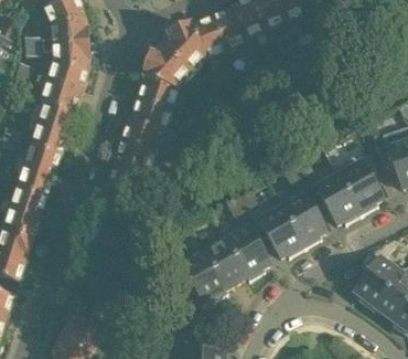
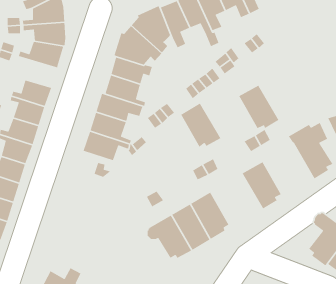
building: [33,76,78,110] -> none
building: [313,171,358,221] -> [238,84,279,129]
building: [257,204,302,254] -> [180,102,221,148]

